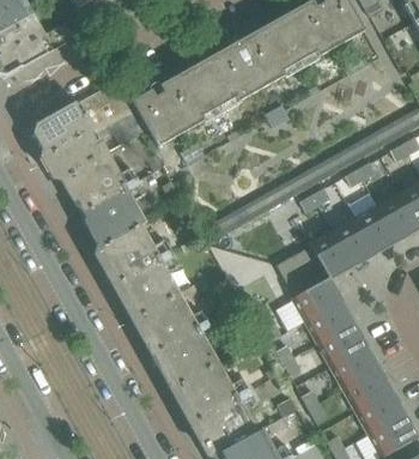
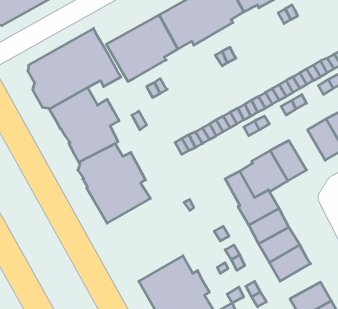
building: [353,204,397,253] -> none
building: [132,288,230,388] -> none
building: [342,367,391,410] -> none

